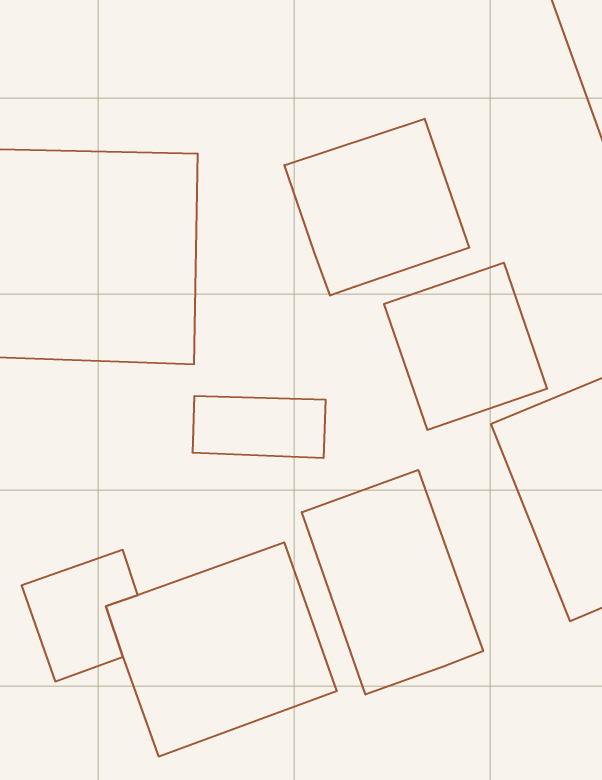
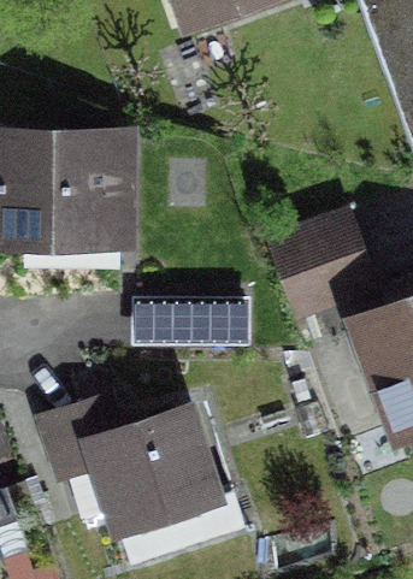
building: [284,119,469,296] -> none
building: [302,470,483,695] -> none

